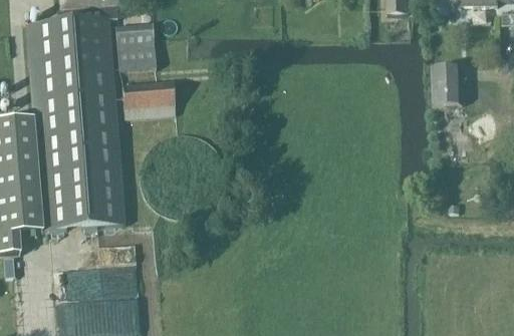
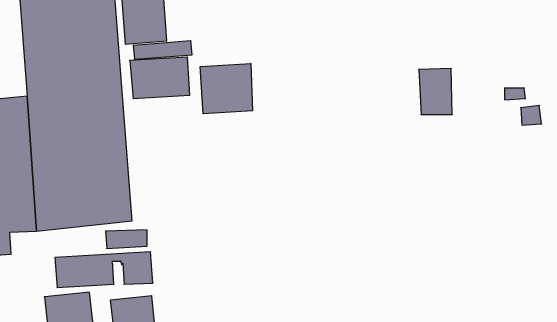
building: [431,64,460,104] -> [419,68,452,114]
building: none -> [200,63,253,114]

